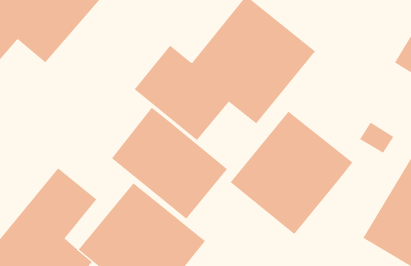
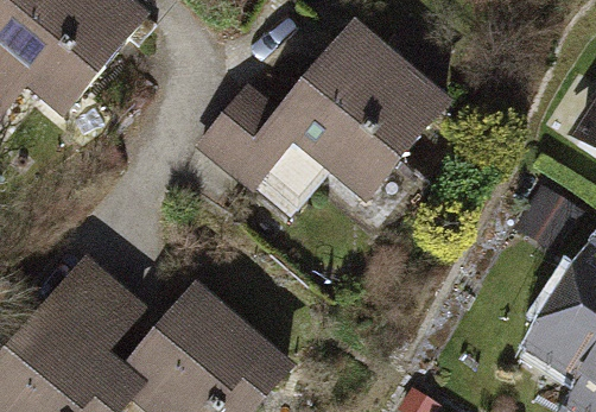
building: [111,107,228,220] -> none
building: [230,111,353,235] -> none

